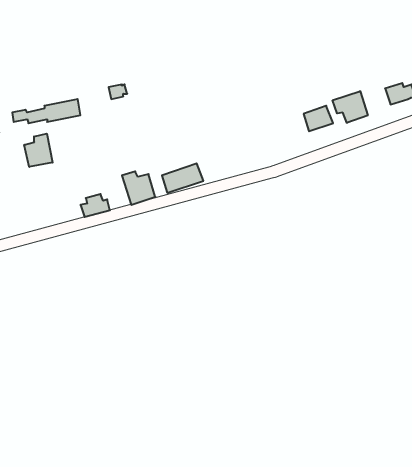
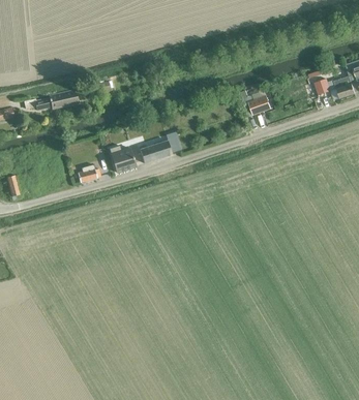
building: [333,91,368,123] -> none
building: [24,134,53,167] -> none

